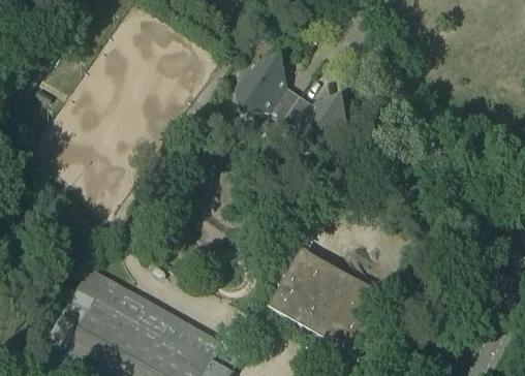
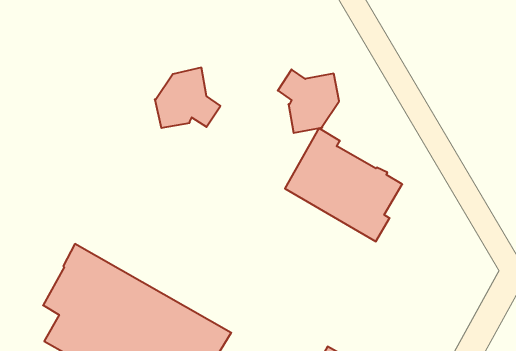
building: [237,59,301,118] -> [155,68,220,128]
building: [267,249,381,359] -> [285,128,402,241]

